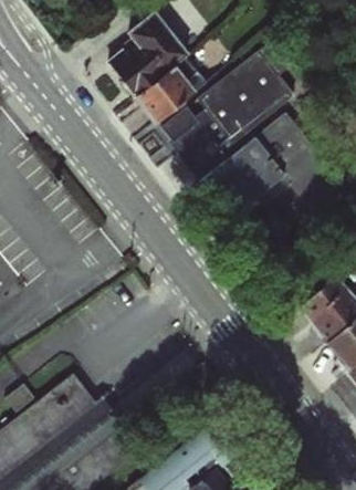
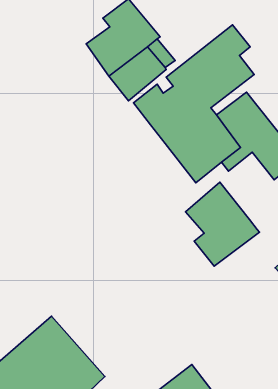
building: none -> [185,182,259,266]

